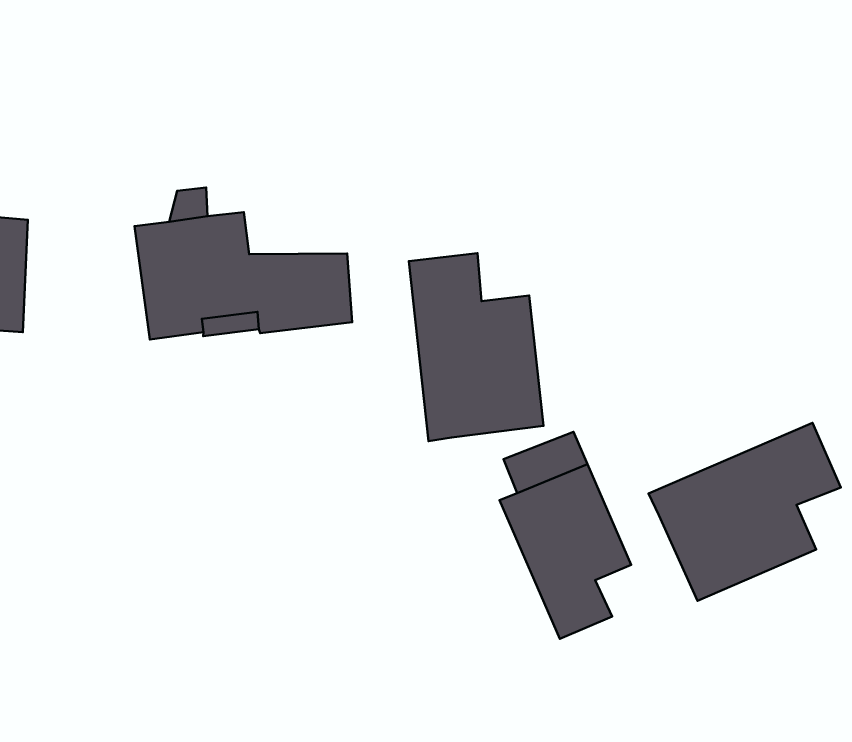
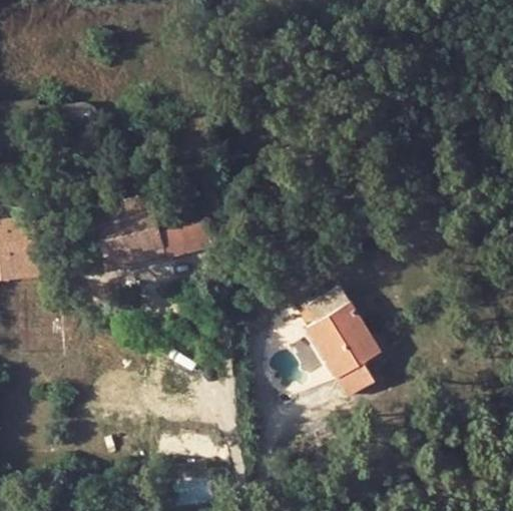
building: [409,253,544,441] -> none
building: [648,423,841,601] -> none

